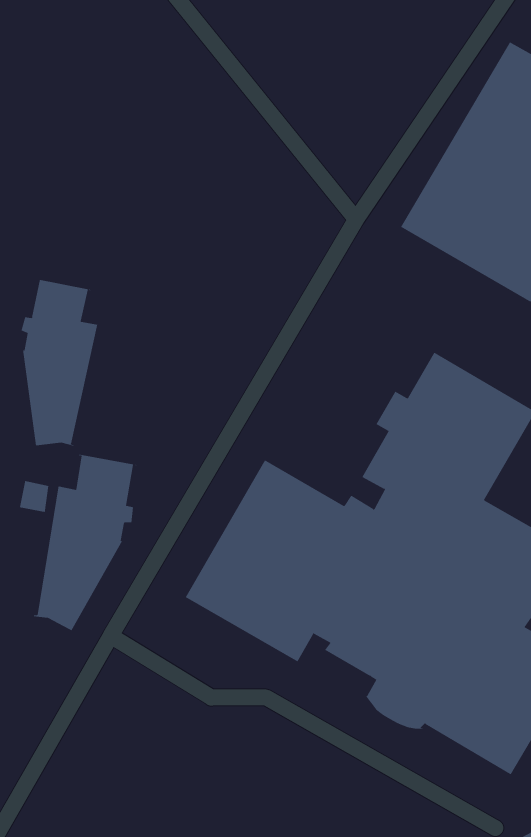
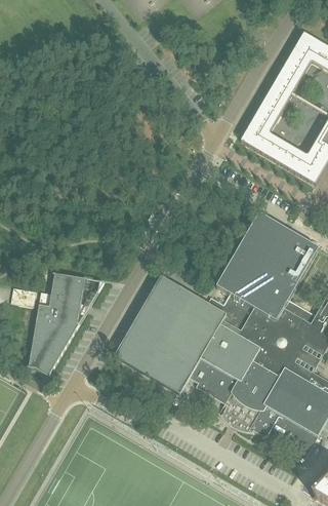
building: [21,278,98,447] -> none

